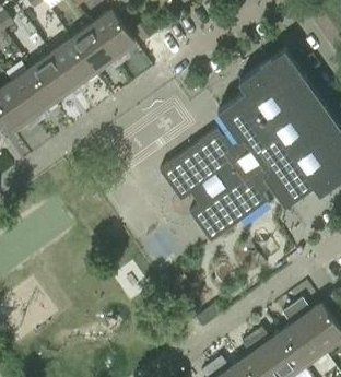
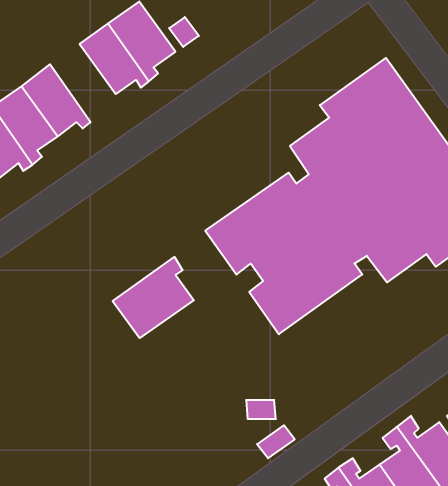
building: [50,39,96,94] -> none
building: none -> [113,257,194,338]

